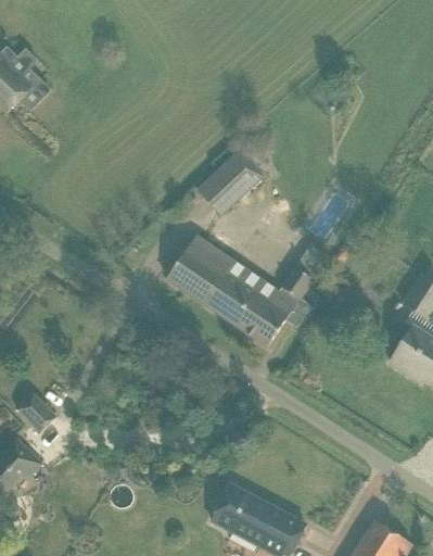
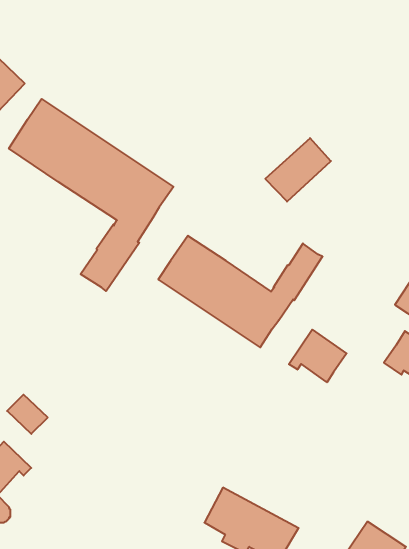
building: none -> [9,99,173,291]
building: [198,151,263,214] -> [265,138,331,202]
building: none -> [289,330,347,382]

